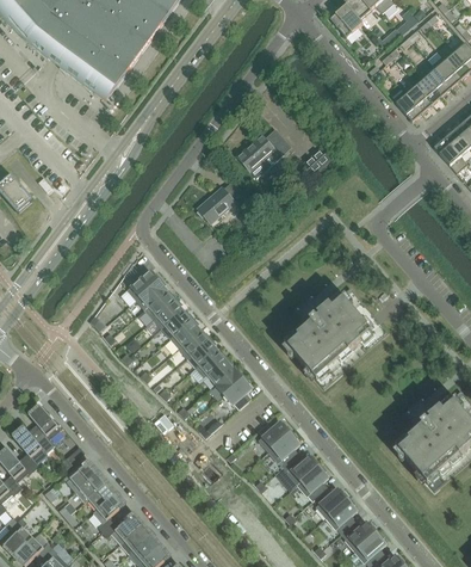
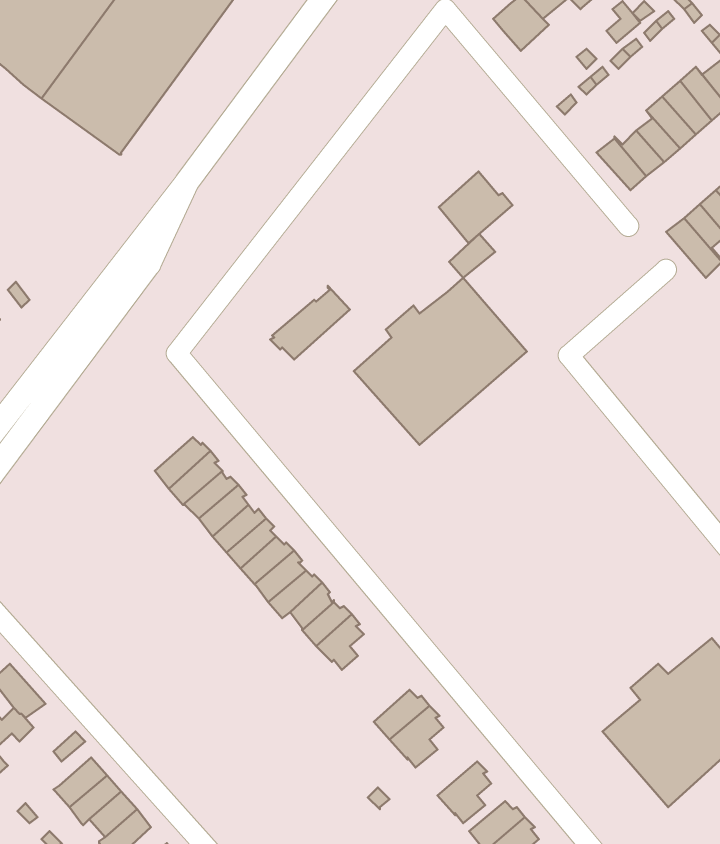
building: [237,134,281,177] -> [439,171,512,243]
building: [284,286,388,387] -> [354,278,527,445]
building: [283,454,320,483] -> none

